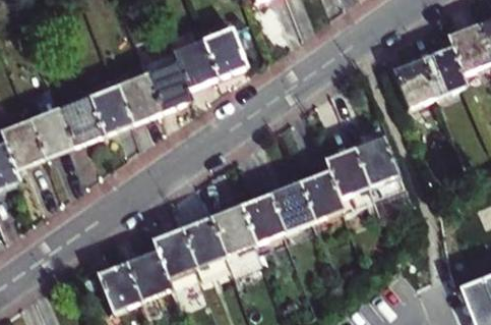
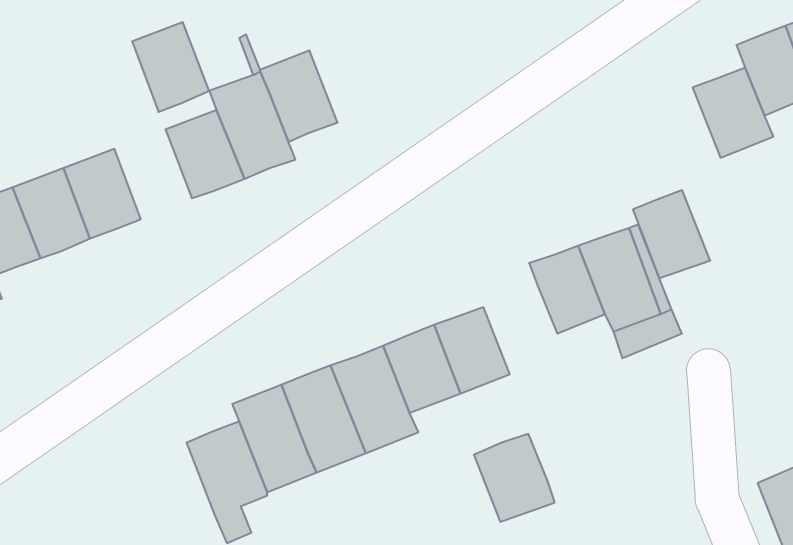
building: [200,25,248,78] -> none
building: [393,58,438,109] -> [633,190,710,278]
building: [87,83,132,134] -> [132,22,209,112]
building: [301,173,348,224] -> [474,434,555,522]
building: [101,264,145,318] -> none

